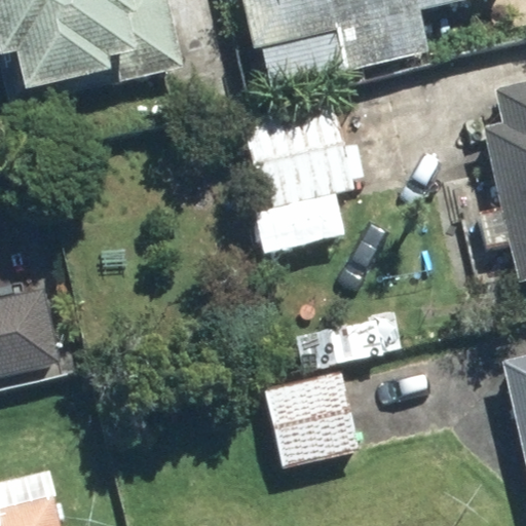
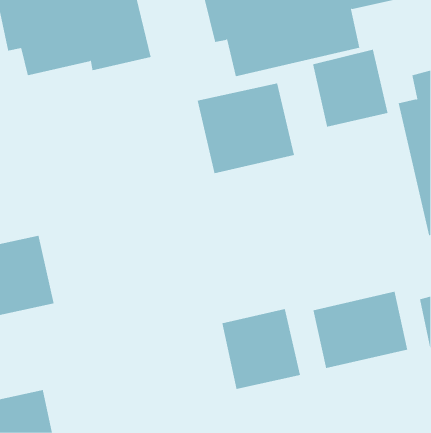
building: none -> [312,49,388,128]
building: none -> [313,291,408,369]

